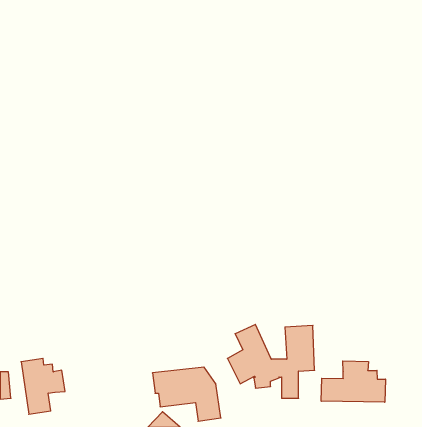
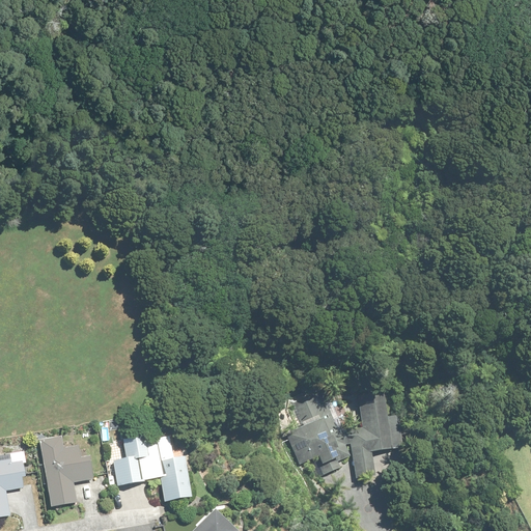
building: [321,361,385,402] -> none
building: [152,367,221,421] -> [105,434,189,500]

